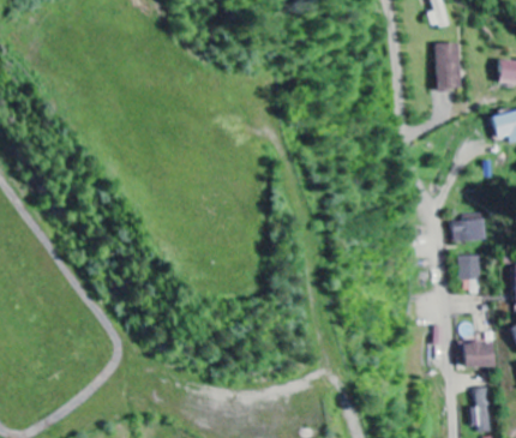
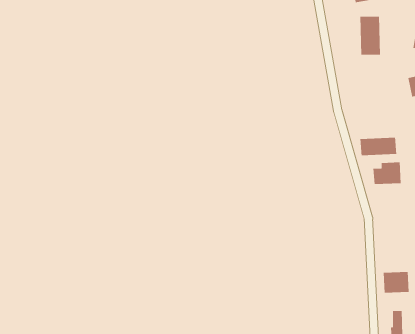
building: none -> [360,137,397,156]
building: [460,256,480,290] -> none

